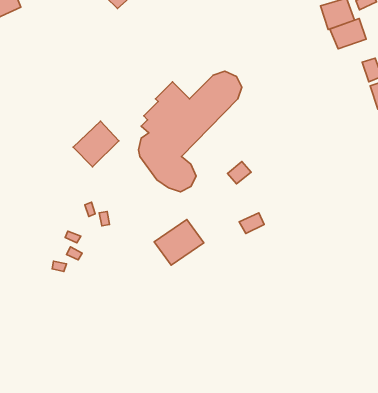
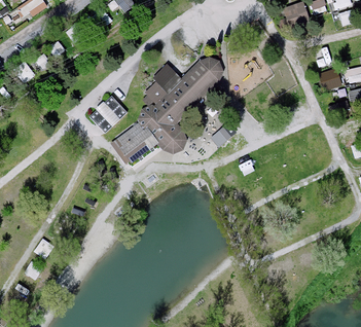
building: [330,19,366,49] -> none
building: [154,219,204,265] -> [115,125,154,161]

